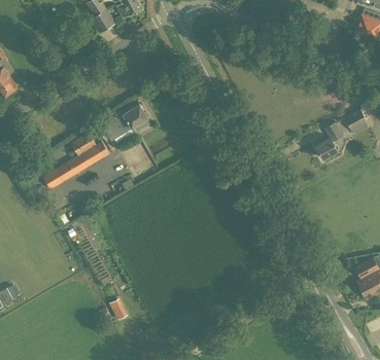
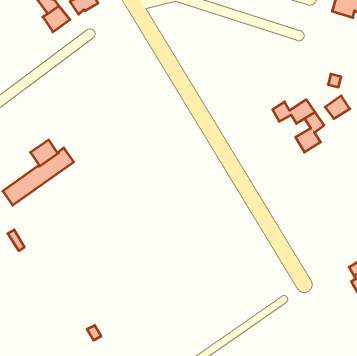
building: [102,104,146,140] -> none
building: none -> [273,100,315,124]

